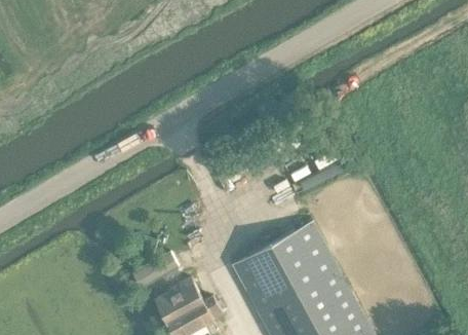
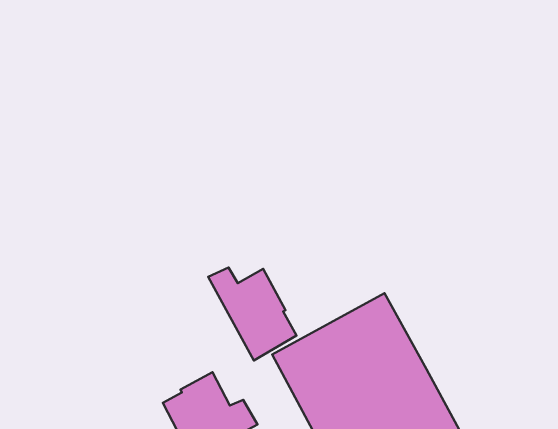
building: none -> [208,267,296,360]

